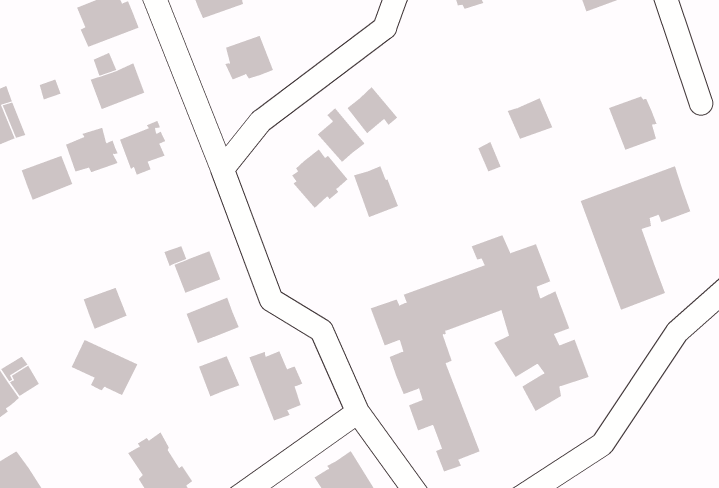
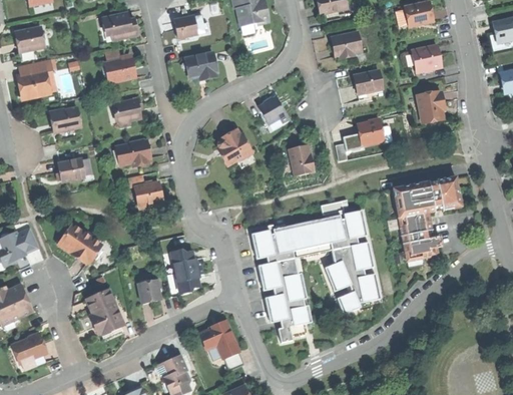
building: none -> [353,70,383,94]
building: [608,96,658,151] -> [416,91,445,123]
building: [317,108,366,163] -> none
building: [65,127,118,173] -> [118,139,150,166]
building: [353,166,399,218] -> [289,145,314,176]
building: [83,287,127,329] -> [57,158,83,182]
building: [186,297,239,344] -> none
building: [198,355,240,397] -> [137,279,161,303]

